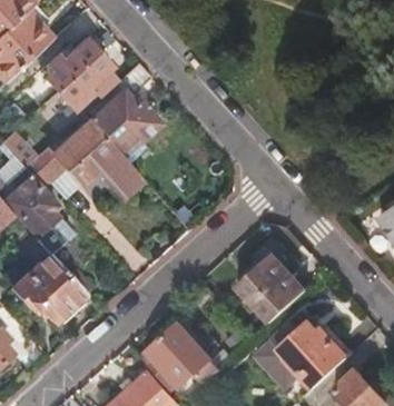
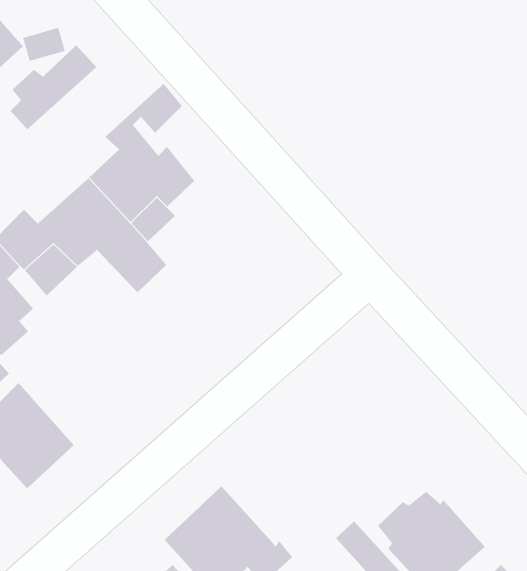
building: [55,52,112,113] -> none
building: [238,254,305,320] -> none

